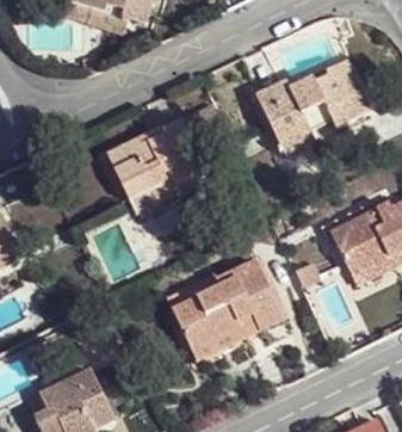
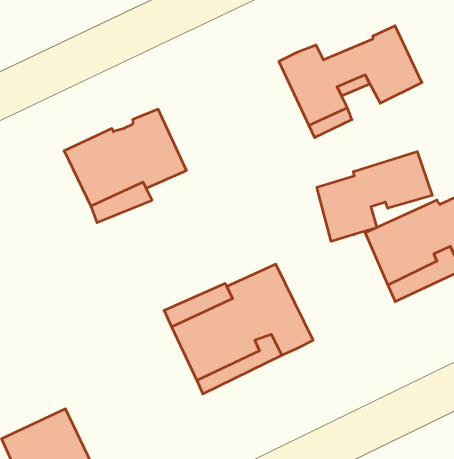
building: none -> [317,152,432,241]

